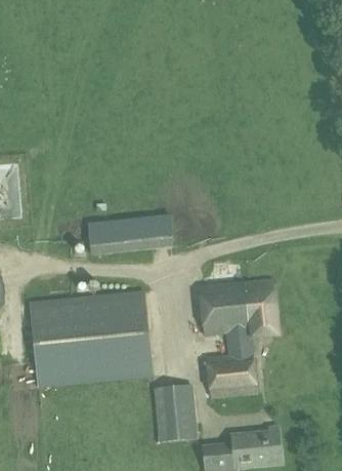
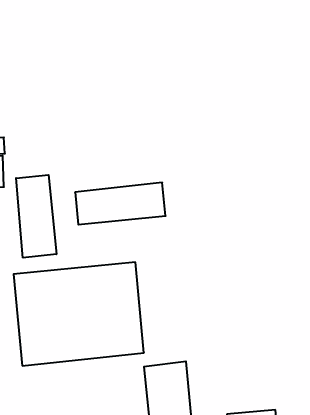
building: none -> [16,175,56,258]
building: [199,277,281,398] -> none

